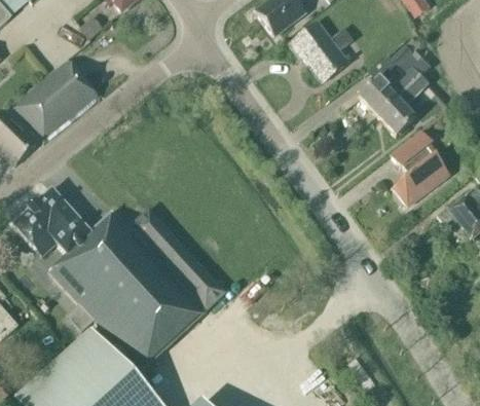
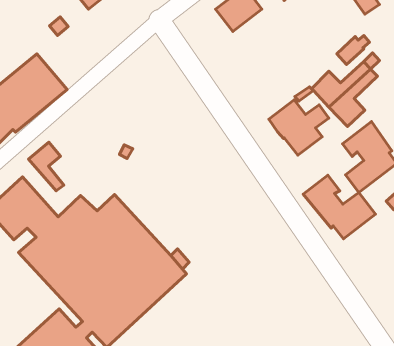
building: [291,23,355,81] -> [269,100,329,155]
building: none -> [28,142,64,191]
building: none -> [303,175,376,239]

